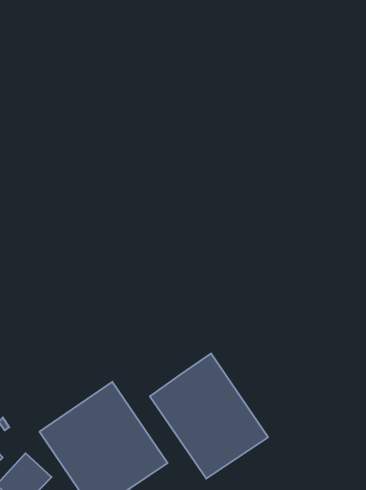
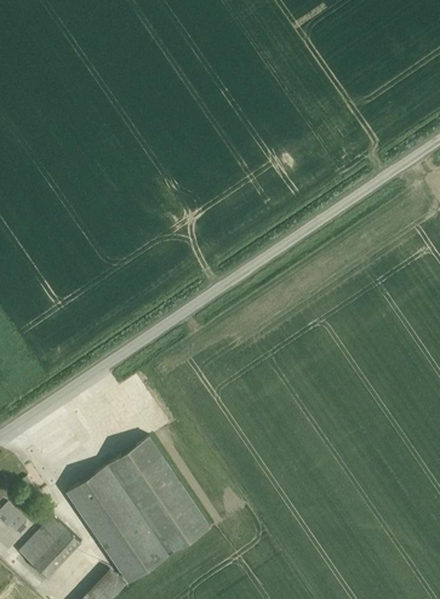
building: [150,353,268,479] -> none

